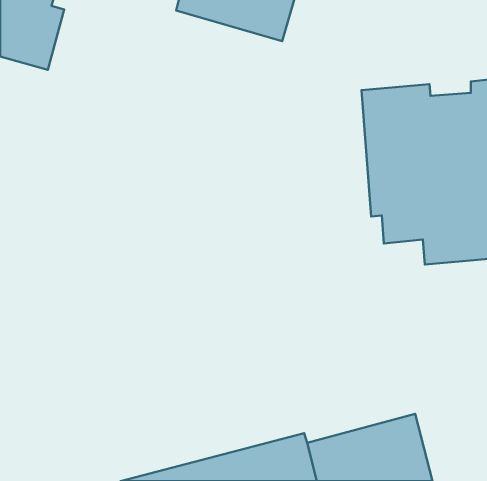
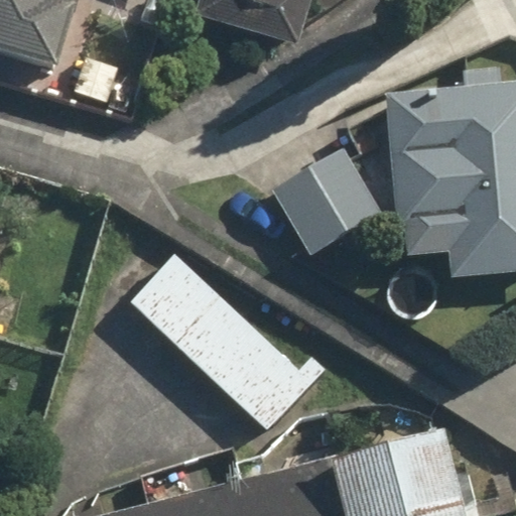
building: none -> [272,149,382,257]
building: none -> [132,253,325,429]

